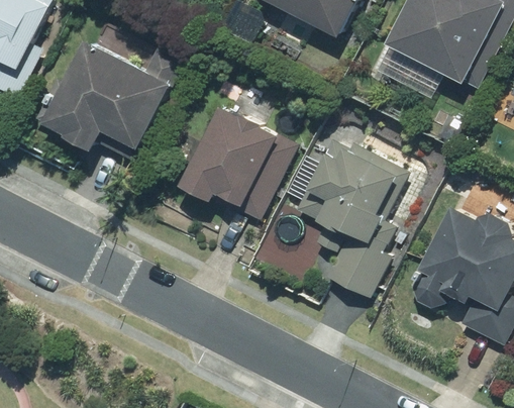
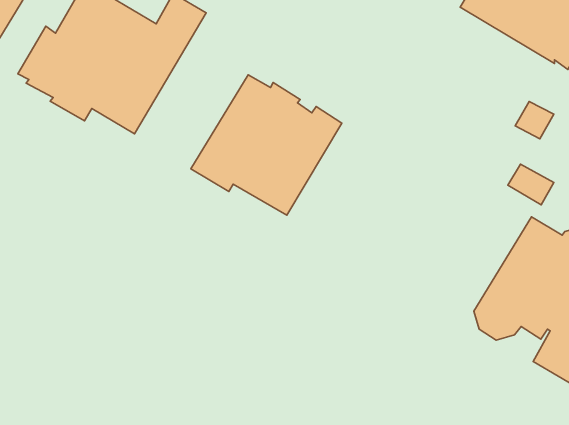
building: [295,140,408,299] -> none

